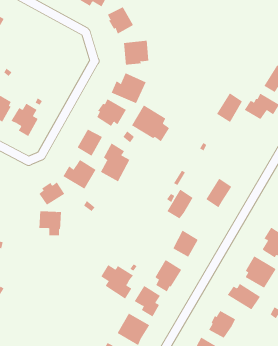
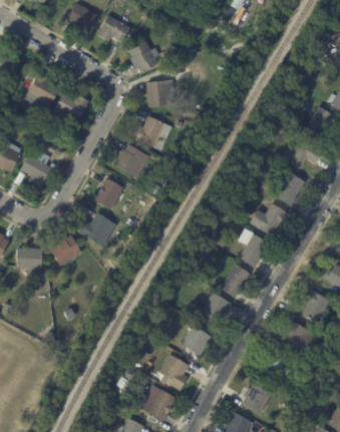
building: none -> [28,71,60,105]
building: none -> [55,93,88,120]
building: [216,92,243,123] -> [275,172,305,206]
building: [131,104,170,142] -> none
building: [100,143,130,182] -> none
building: none -> [250,203,288,238]
building: [167,189,193,219] -> [220,264,250,298]
building: [39,211,62,236] -> [16,248,42,276]
building: [101,264,134,300] -> none

